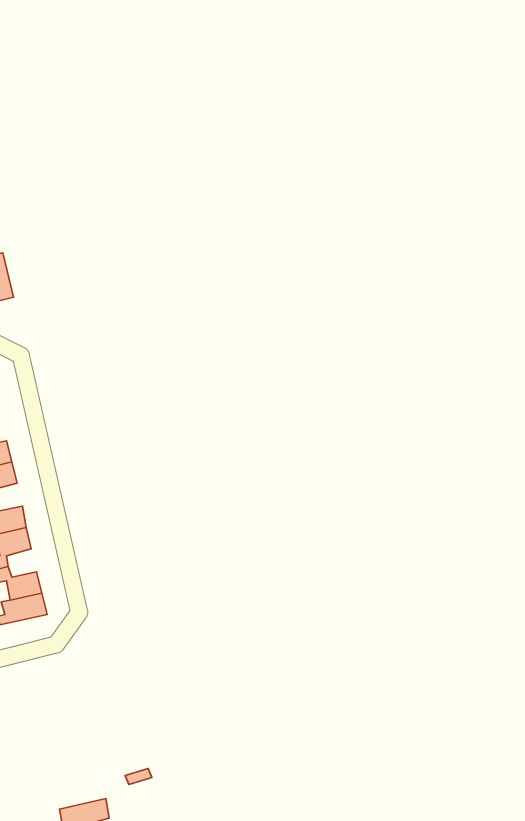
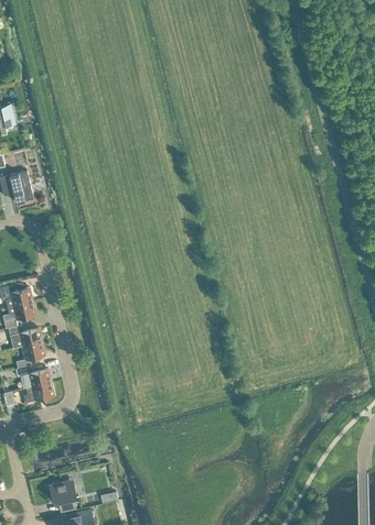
building: none -> [49,480,77,512]

